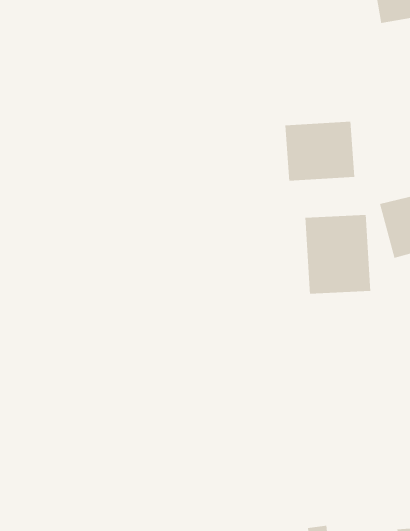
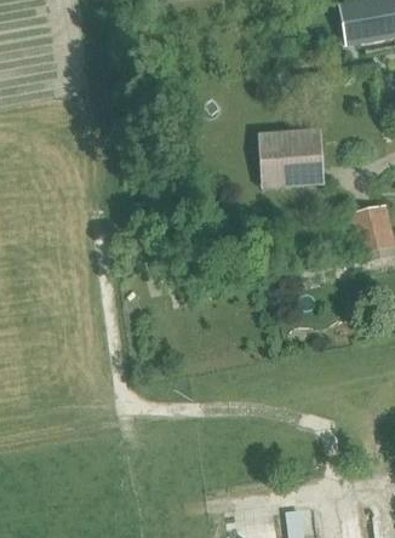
building: [305,214,371,294] -> none

